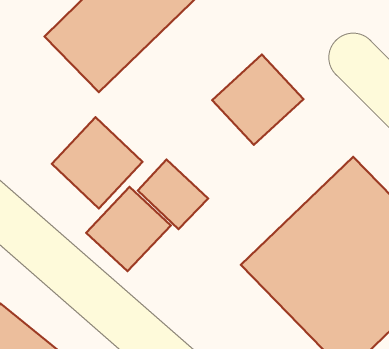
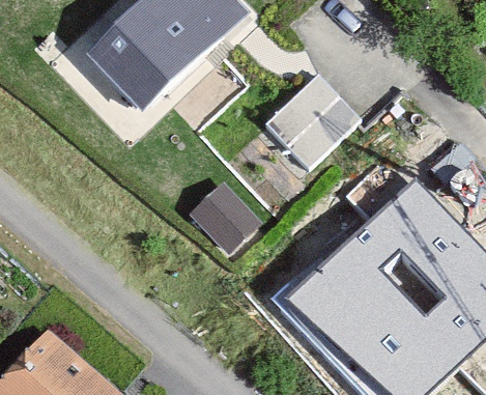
building: [52,117,143,209] -> none
building: [86,187,171,271] -> none

